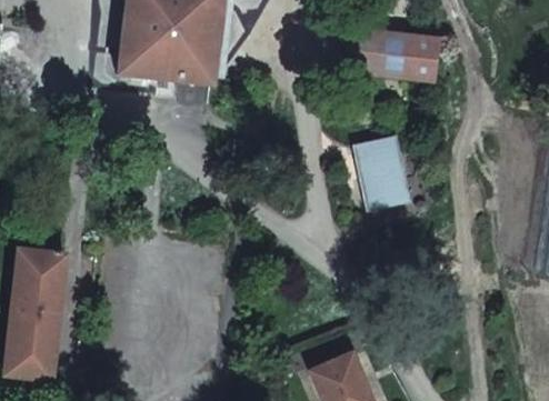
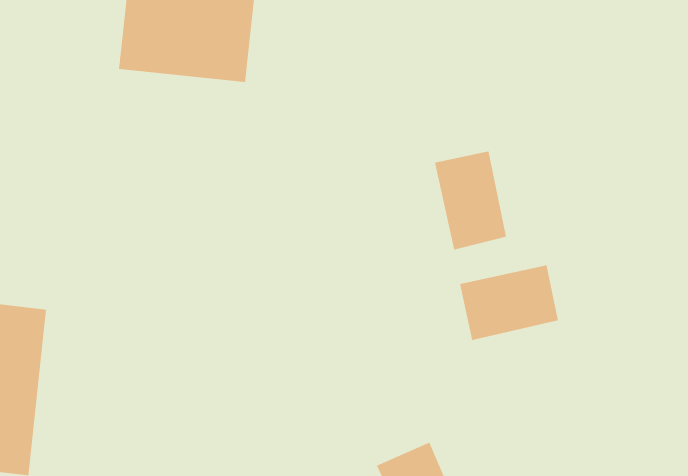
building: [351,27,446,86] -> none
building: none -> [459,265,558,341]

